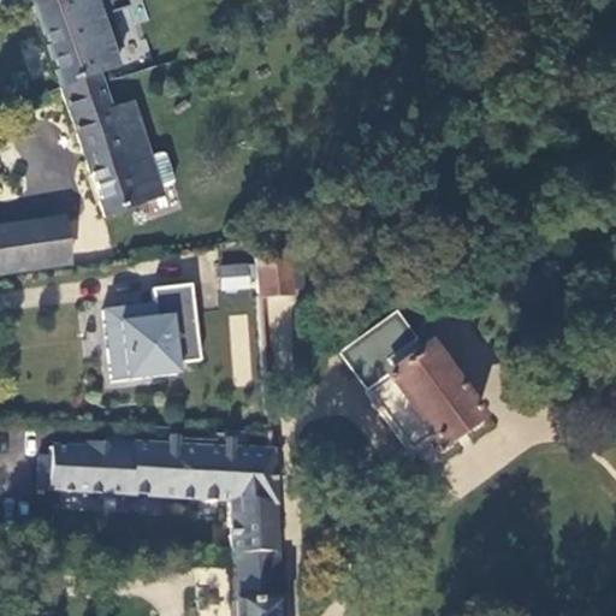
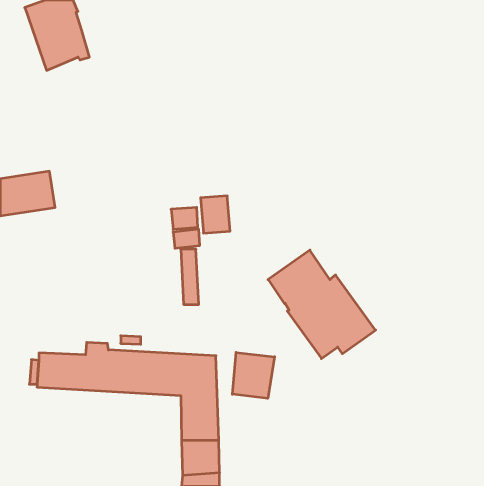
building: [61,72,176,218] -> none
building: [106,283,203,380] -> none
building: none -> [232,352,275,398]

